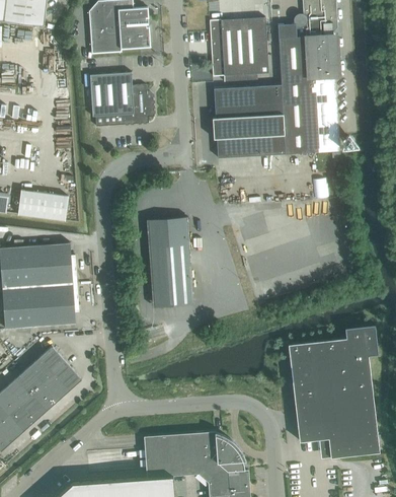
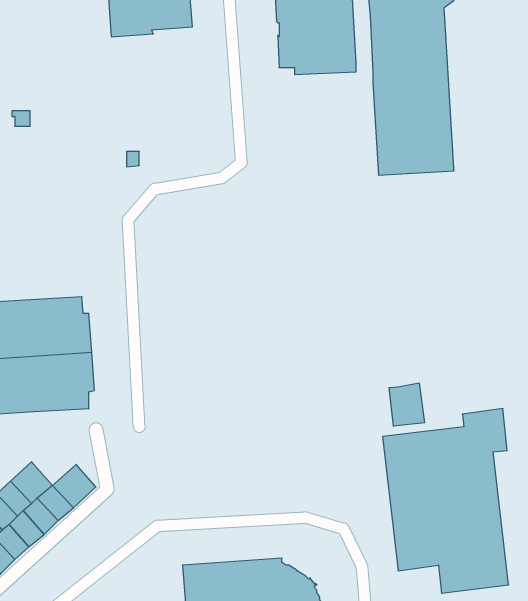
building: [89,72,154,126] -> none
building: [212,84,285,158] -> none
building: [18,190,68,220] -> none
building: [146,216,193,302] -> none
building: none -> [389,383,425,426]
building: [33,347,66,379] -> none

